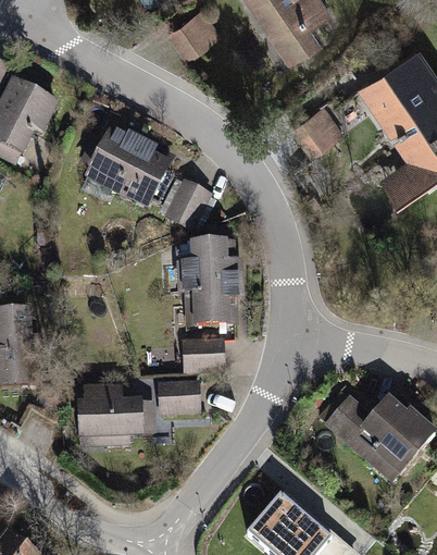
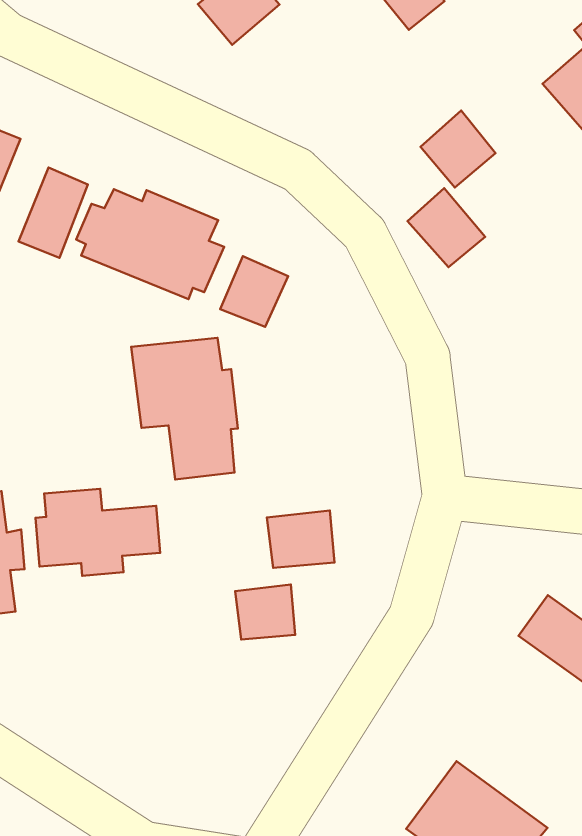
building: none -> [19,168,88,258]
building: none -> [408,188,485,267]
building: [177,240,237,323] -> [131,338,238,479]
building: [78,390,151,441] -> [36,489,160,576]

